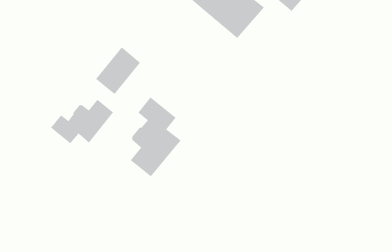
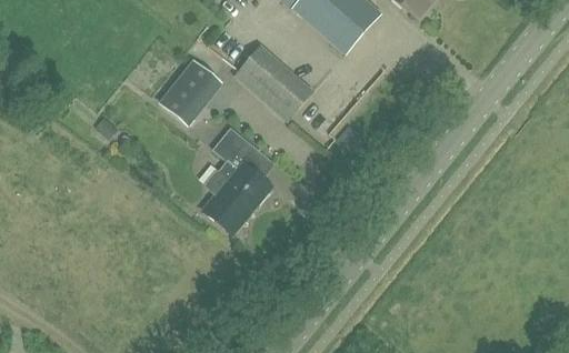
building: none -> [236,47,312,120]
building: [50,99,114,144] -> none

